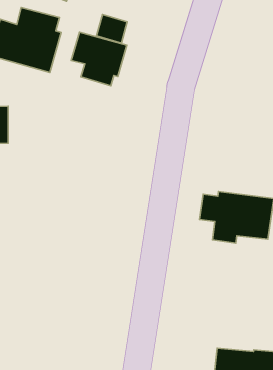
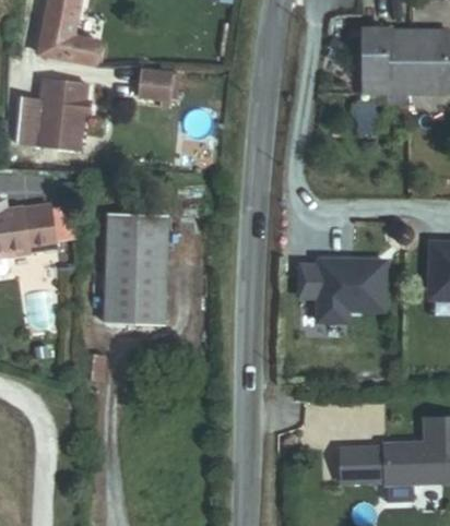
building: [71,32,127,86] -> none
building: none -> [106,208,167,320]

